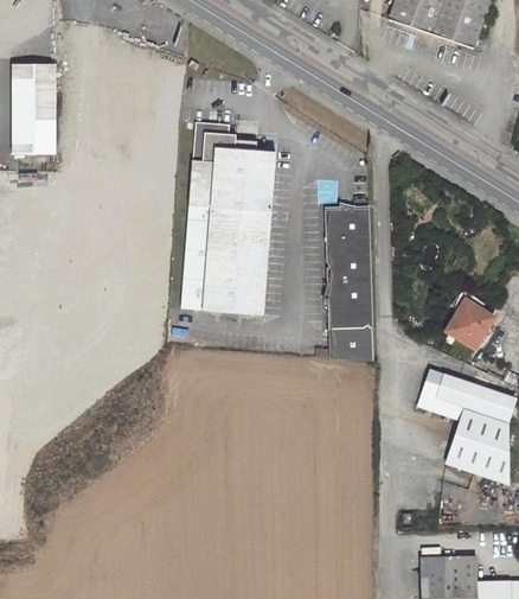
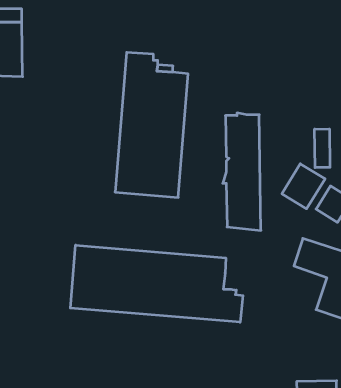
building: none -> [315,129,330,168]
building: none -> [282,164,325,209]
building: none -> [70,245,243,322]

